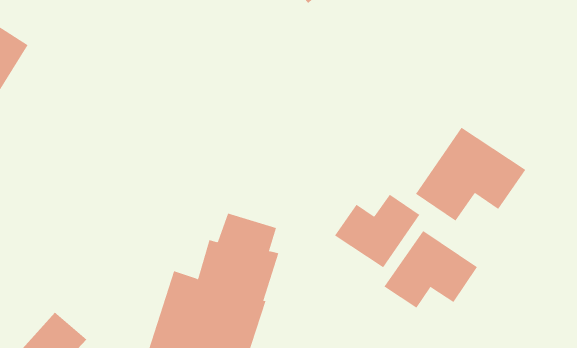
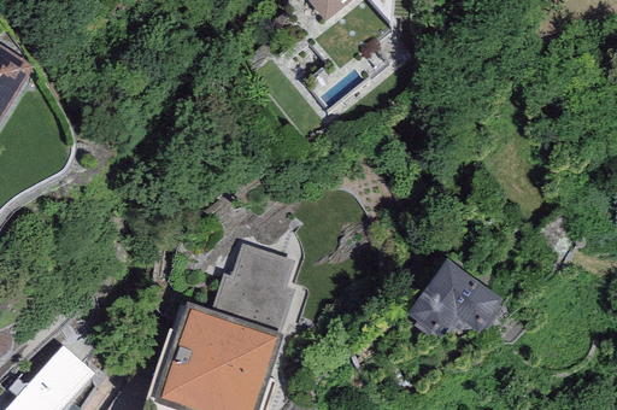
building: [415,127,526,221] -> none
building: [334,194,420,268] -> none

